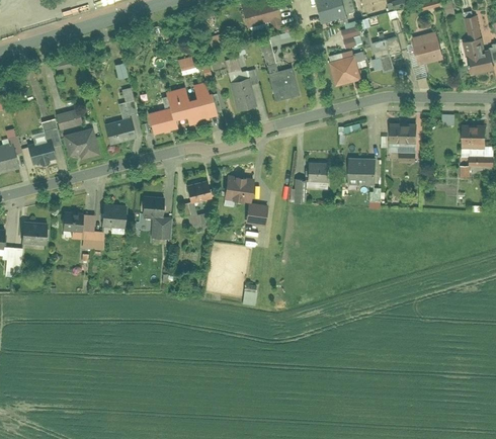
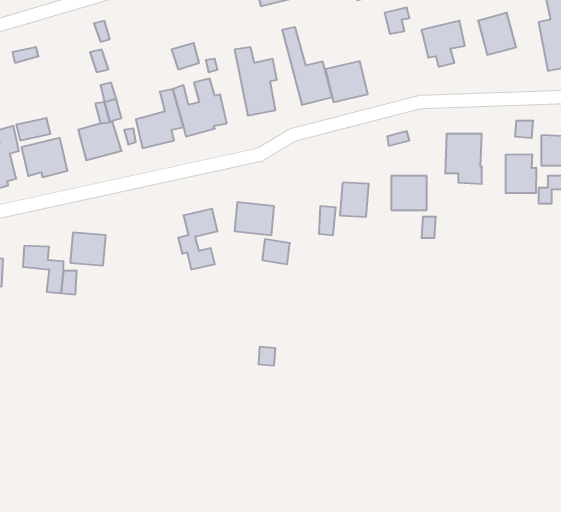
building: [329,52,361,83] -> [326,61,368,102]
building: none -> [506,154,536,193]
building: [142,195,172,237] -> none

